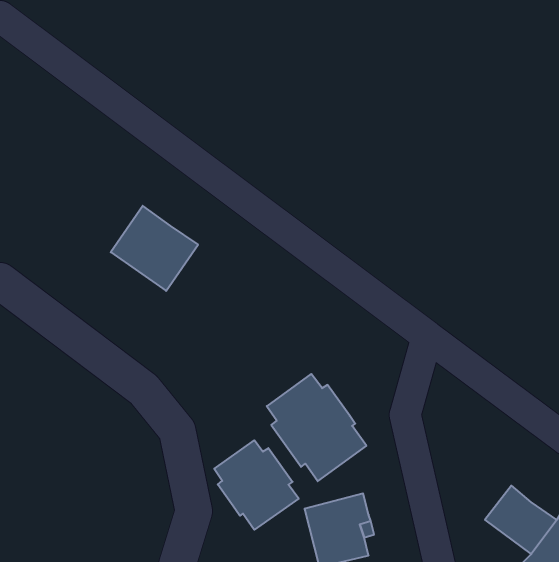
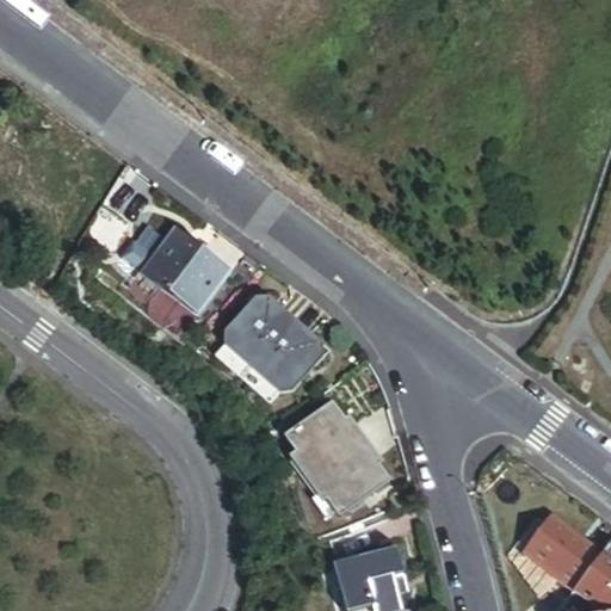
building: none -> [220,295,317,387]
building: [214,440,299,530] -> none

